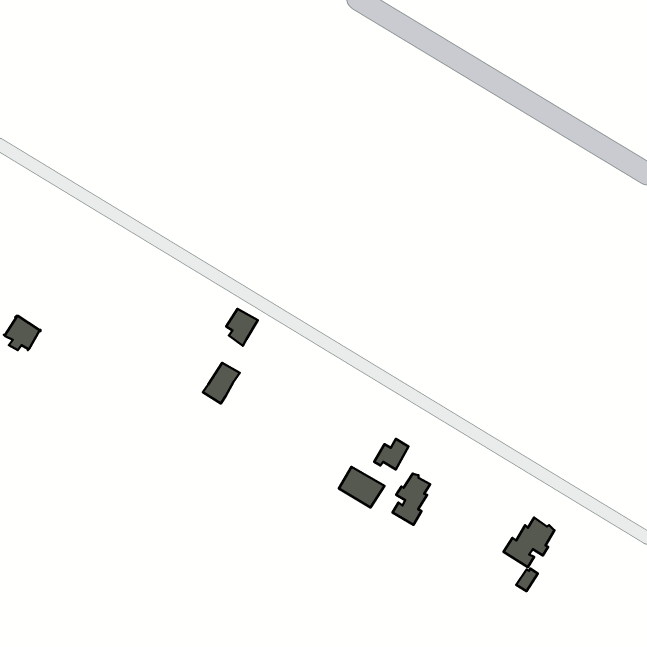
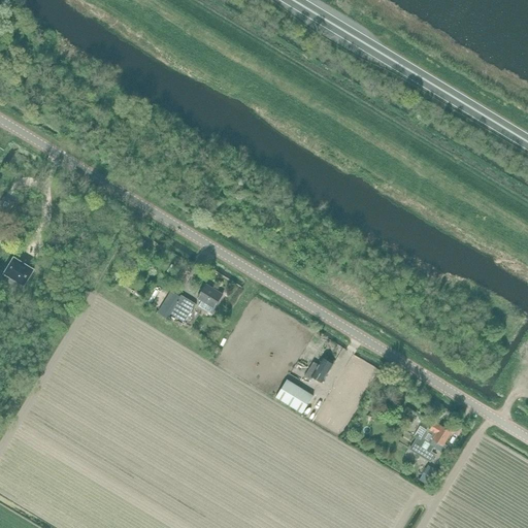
building: [226,309,258,346] -> [196,284,222,314]
building: [393,474,430,525] -> none

